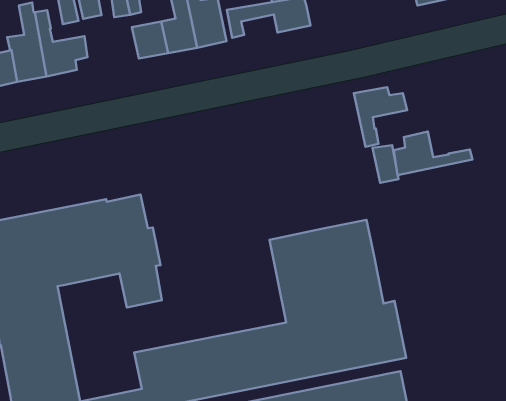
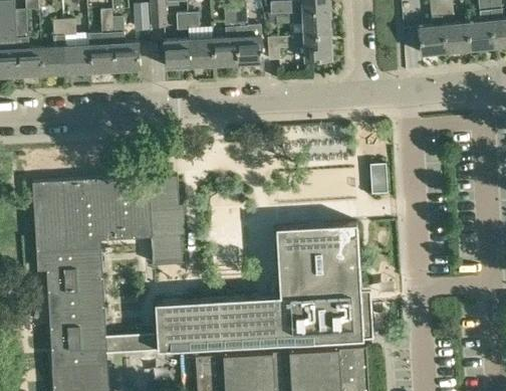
building: none -> [165,41,191,69]
building: [354,87,407,147] -> none
building: [394,132,472,175] -> none

